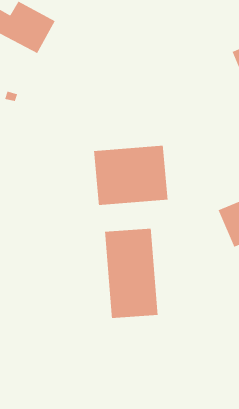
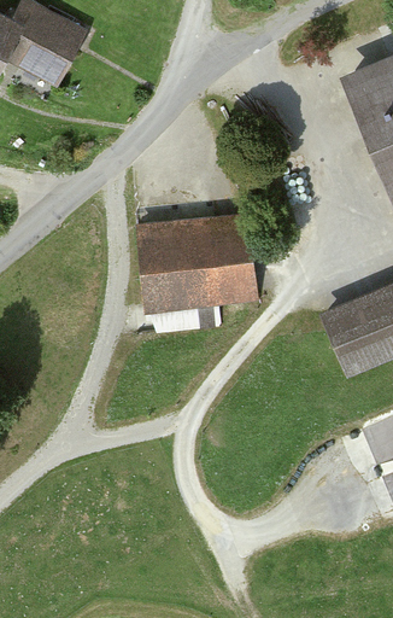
building: [104,228,159,319] -> none

